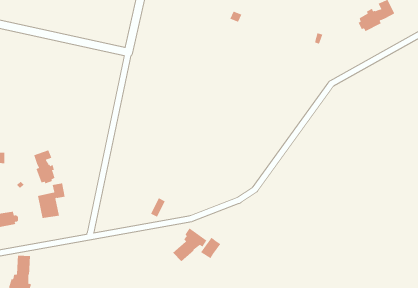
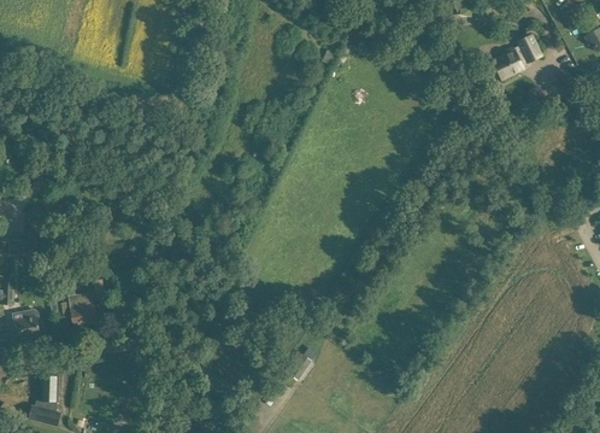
building: [33,150,55,184] -> none
building: [172,228,207,262] -> none

